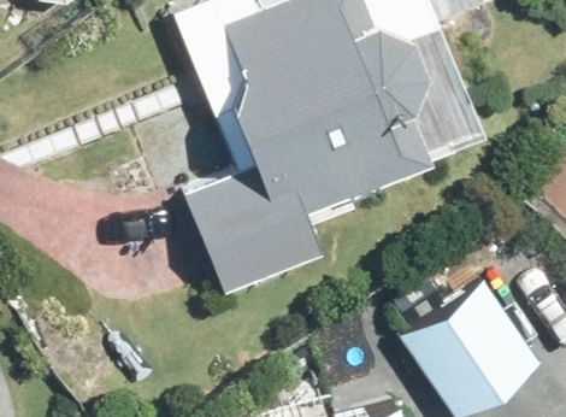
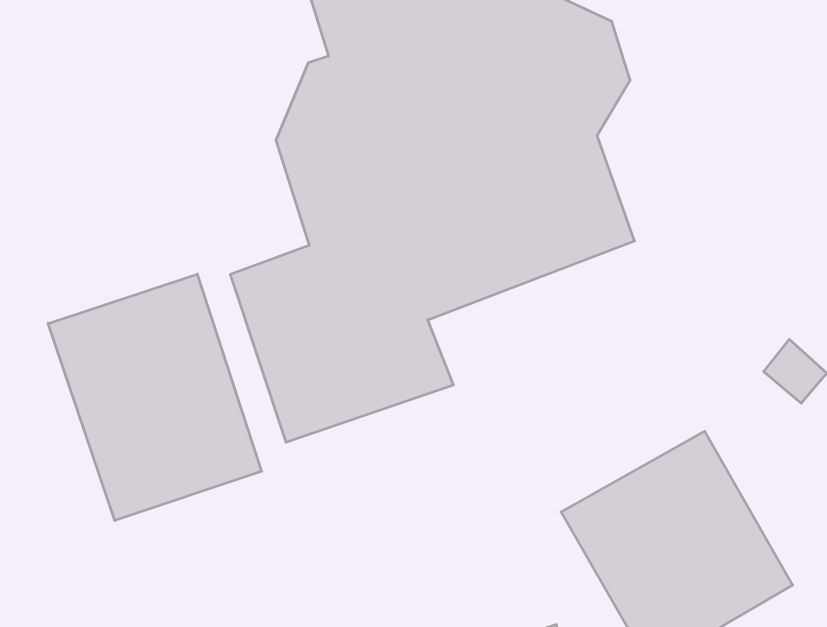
building: none -> [48,274,262,521]

